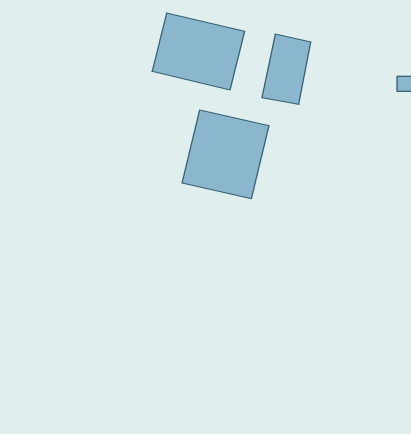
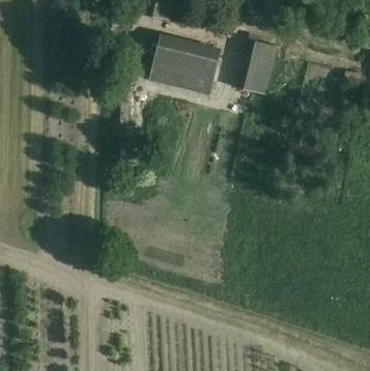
building: [182,110,269,199] -> none

